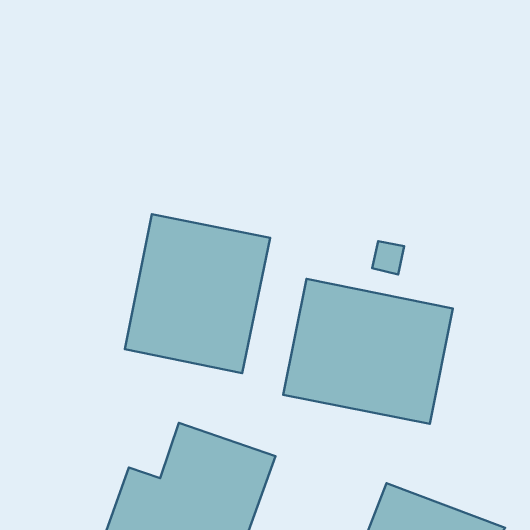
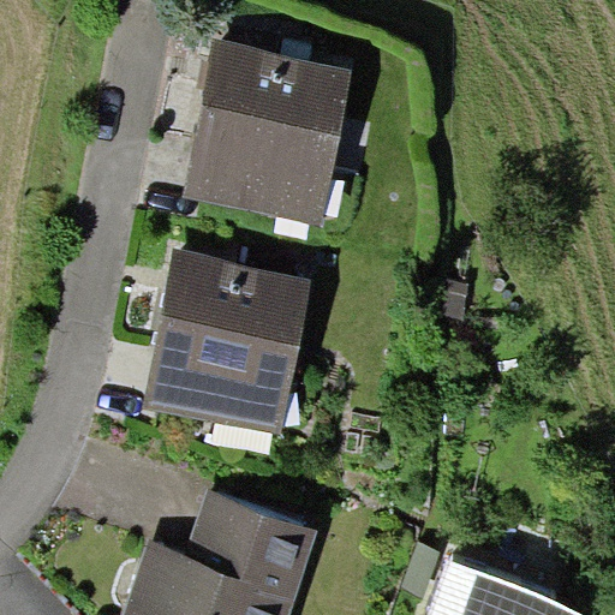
building: none -> [181,40,352,225]
building: [283,279,453,424] -> none

